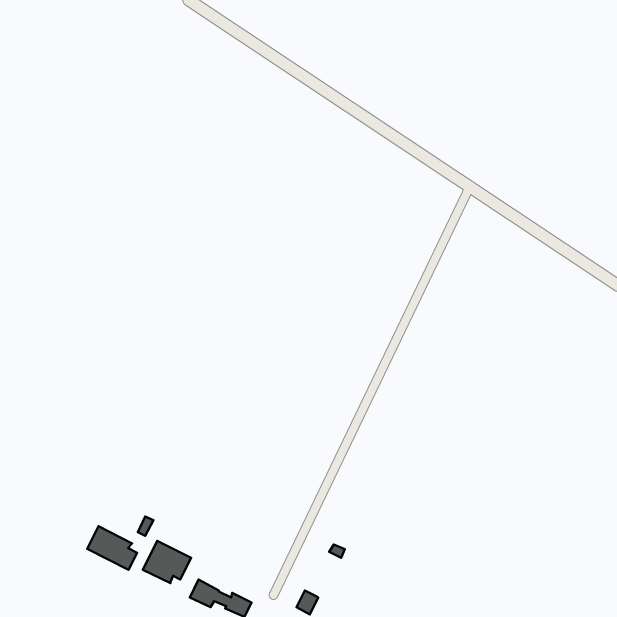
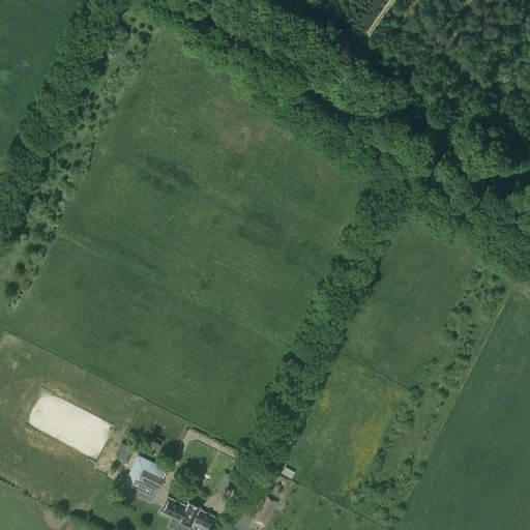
building: [87,526,137,570] -> none

